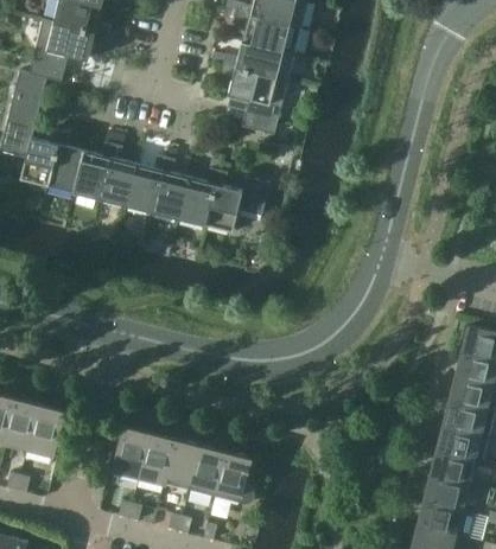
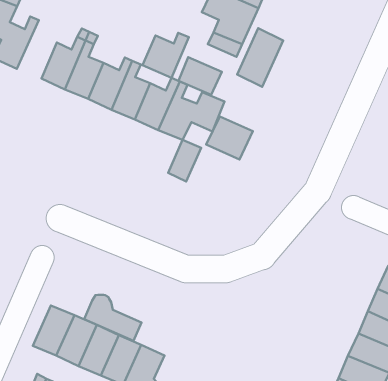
building: none -> [237,28,283,87]
building: none -> [143,33,189,78]
building: [46,132,83,192] -> none
building: none -> [178,57,222,95]
building: none -> [206,116,253,159]
building: none -> [168,140,201,181]
building: none -> [84,295,141,341]

